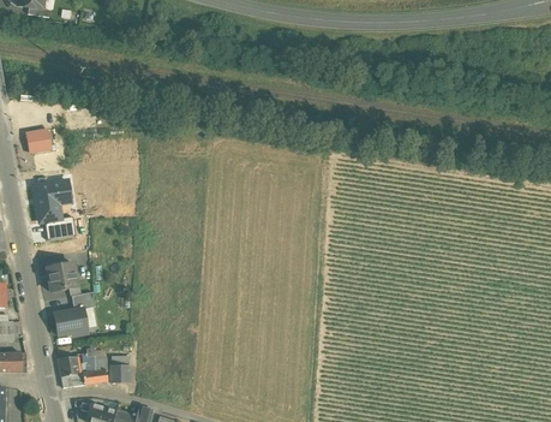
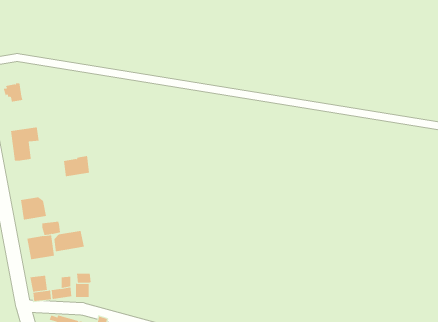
building: [44,215,76,240] -> [63,156,90,177]
building: none -> [54,230,84,252]

